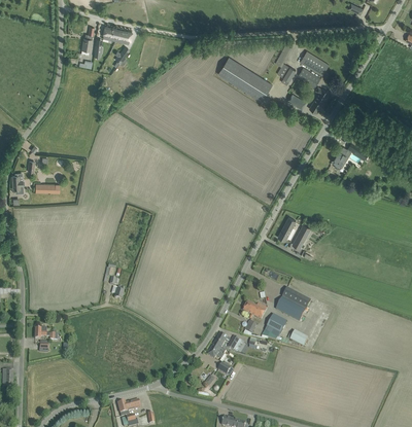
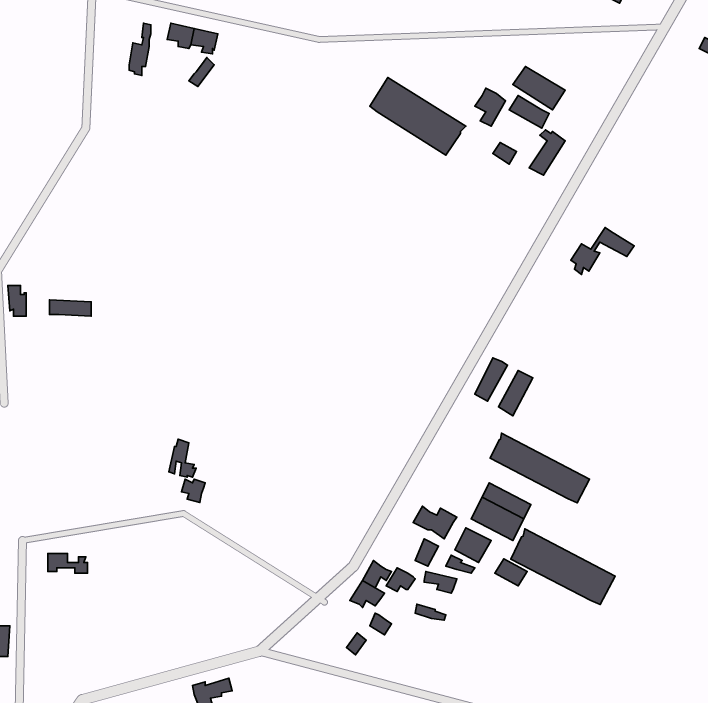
building: none -> [490,433,590,503]
building: none -> [511,529,615,605]

